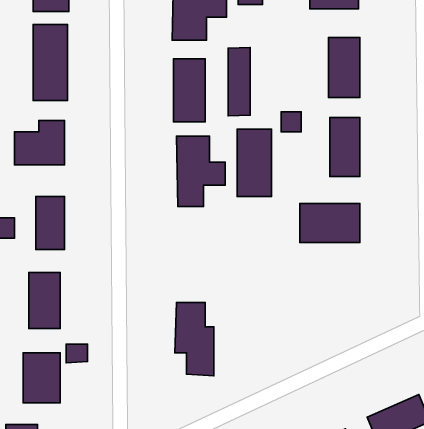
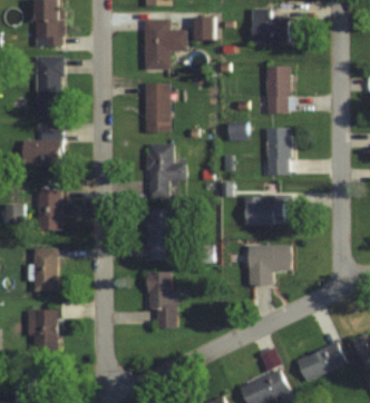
building: [228,48,250,116] -> none
building: [237,129,272,196] -> [147,208,174,261]
building: none -> [247,246,291,285]

